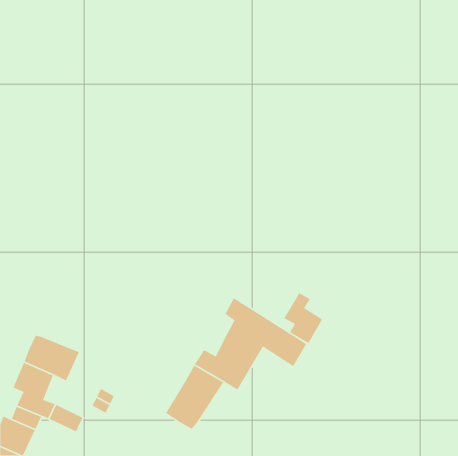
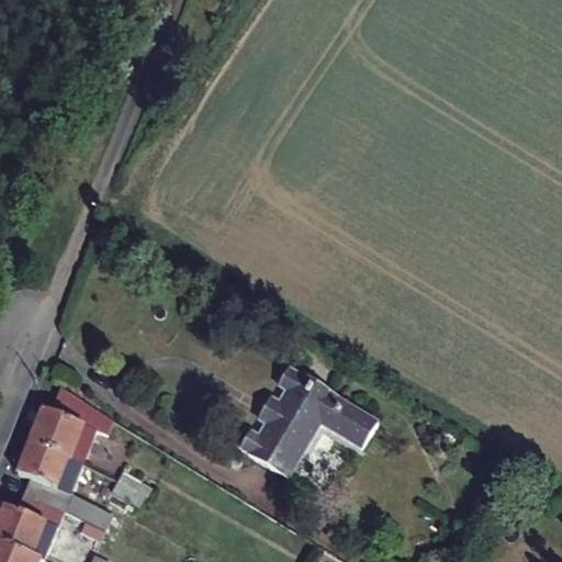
building: [283,292,323,344] -> none
building: none -> [52,385,117,436]
building: [165,364,224,430] -> none

